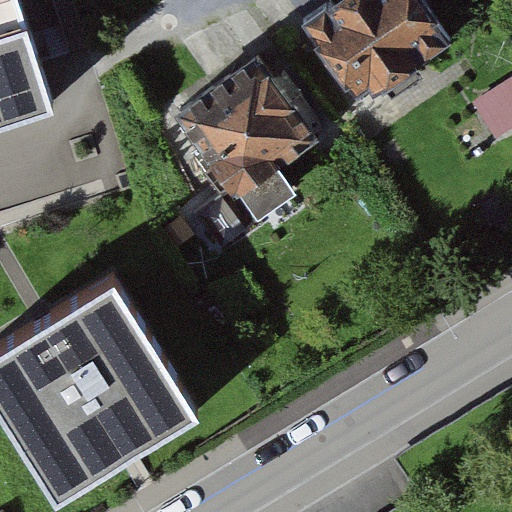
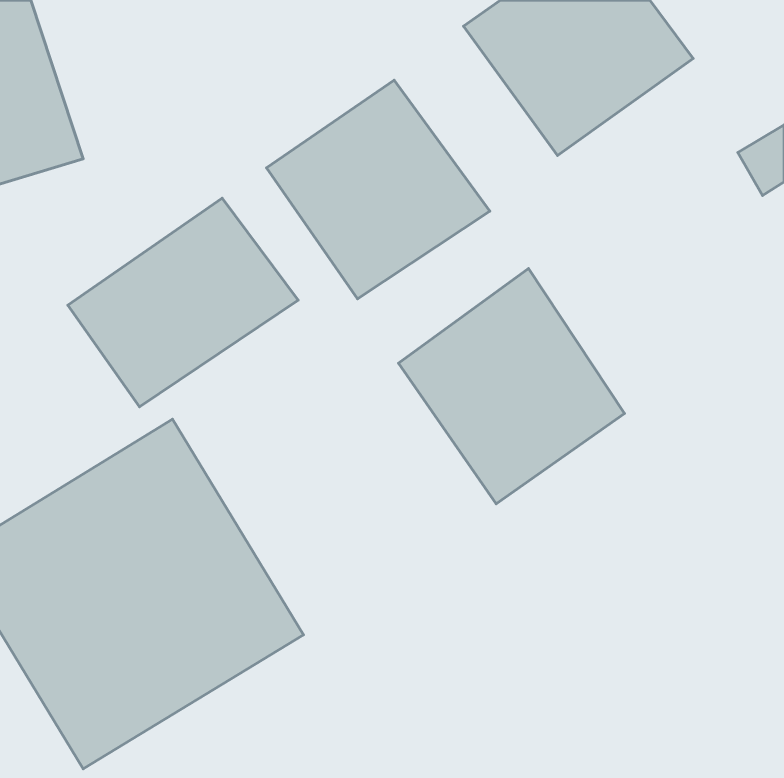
building: none -> [68,198,298,407]
building: none -> [399,269,625,504]

